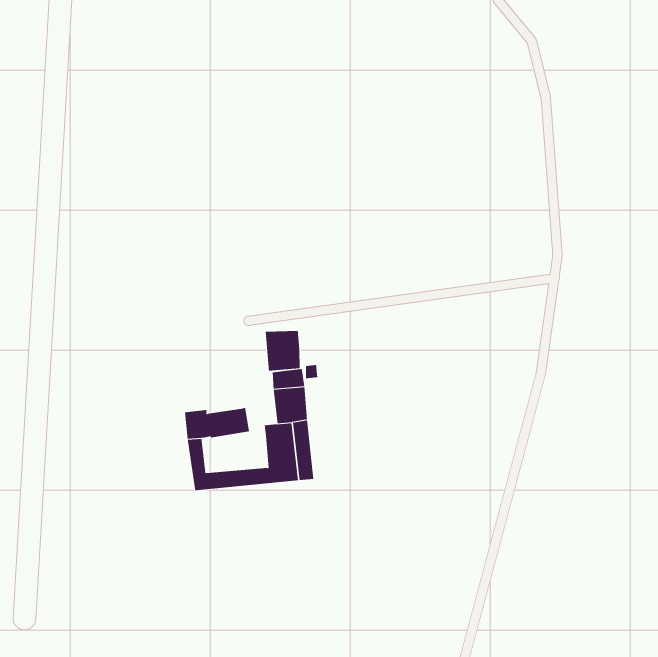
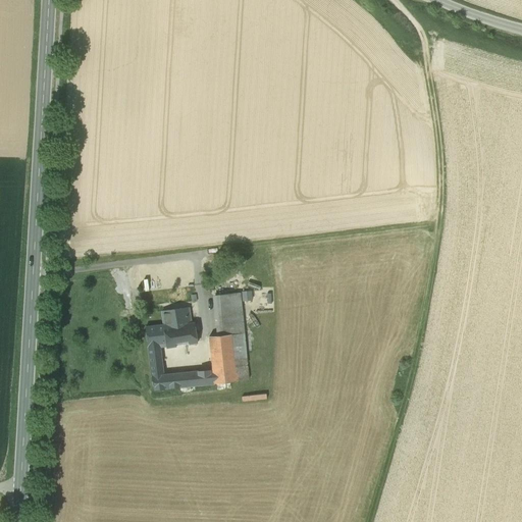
building: [265,330,300,371] -> none
building: none -> [162,307,191,327]

